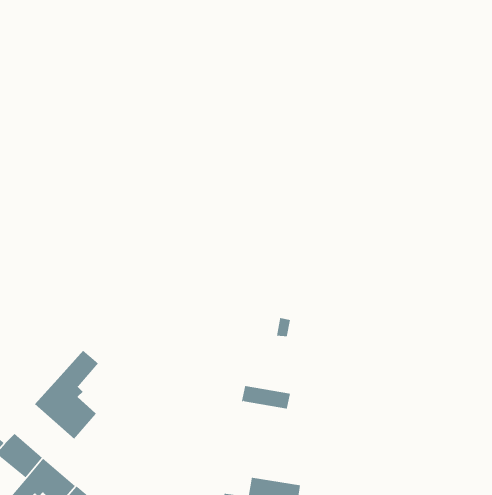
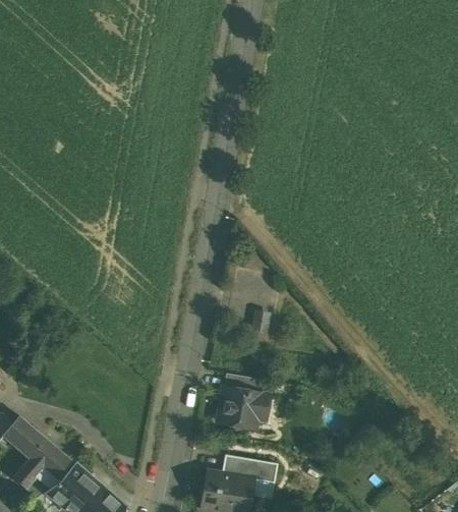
building: [34,350,99,440] -> none
building: none -> [218,388,268,428]

